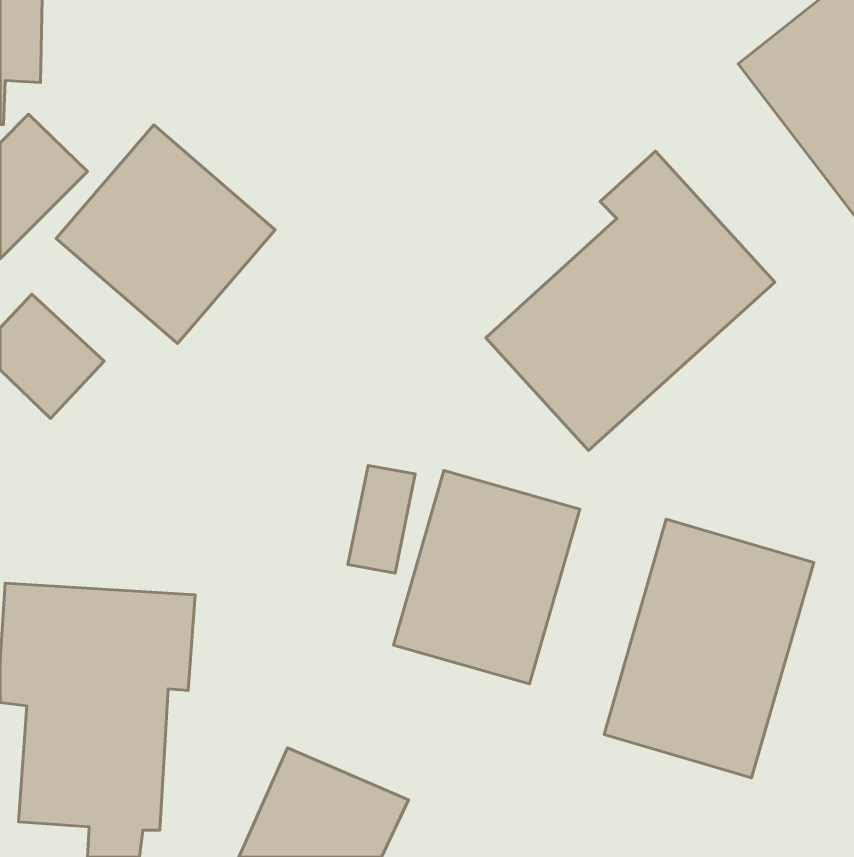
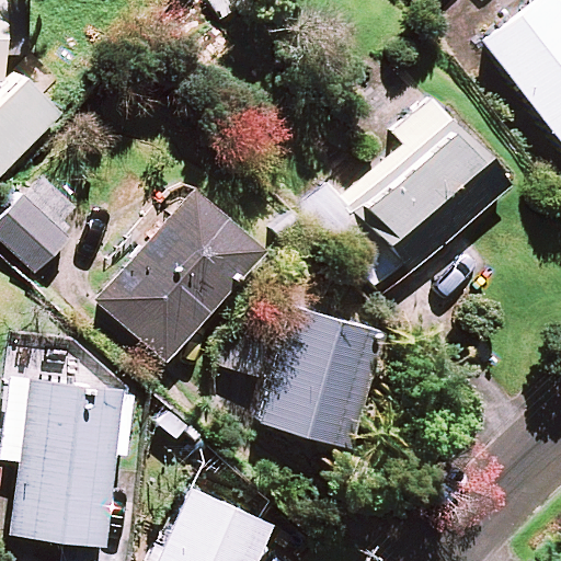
building: [56,125,275,343] -> none
building: none -> [96,190,262,360]
building: [604,519,814,778] -> none

